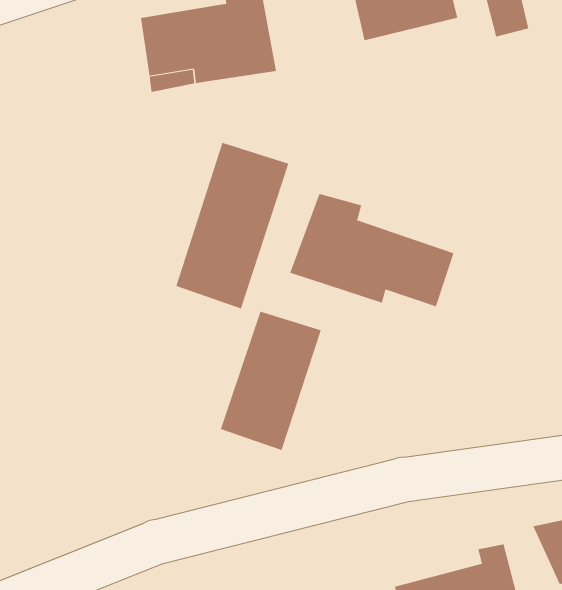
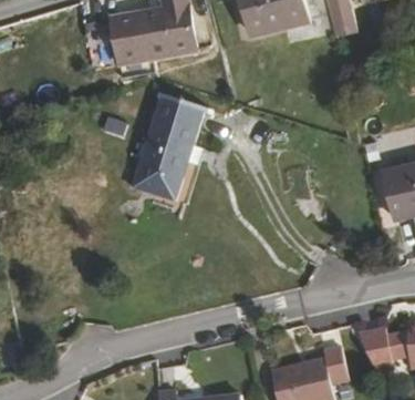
building: [290,193,454,307] -> none
building: [220,311,322,451] -> none

